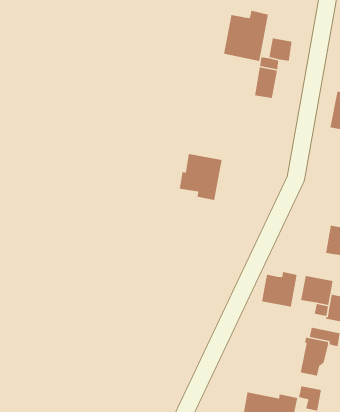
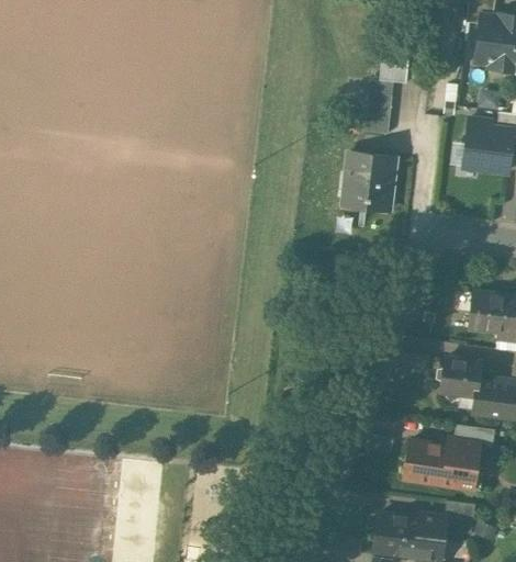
building: [223,10,269,62] -> none
building: [179,153,223,201] -> [341,154,395,213]
building: [261,271,298,308] -> none
building: none -> [404,442,451,486]

